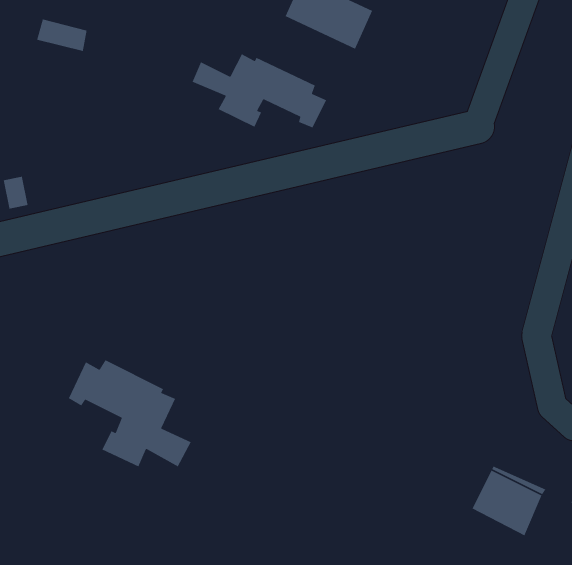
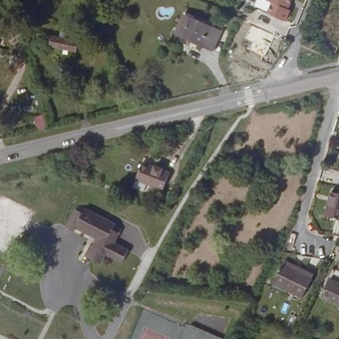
building: [192,53,327,129] -> none
building: none -> [133,160,171,191]

